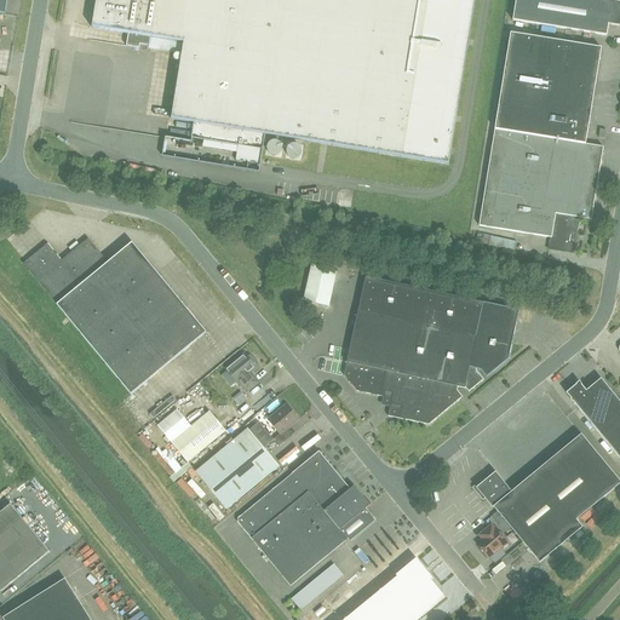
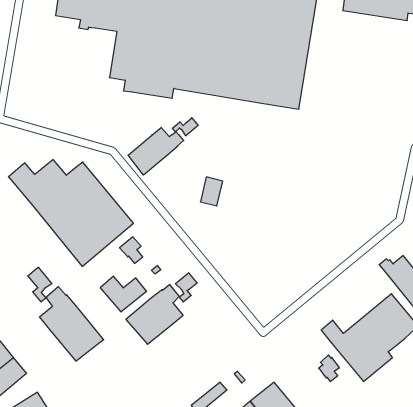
building: [477,30,602,252] -> none
building: none -> [128,118,198,175]
building: [343,274,518,423] -> none
building: [224,351,258,390] -> [120,237,143,263]
building: none -> [28,267,104,361]
building: [236,450,375,584] -> none

